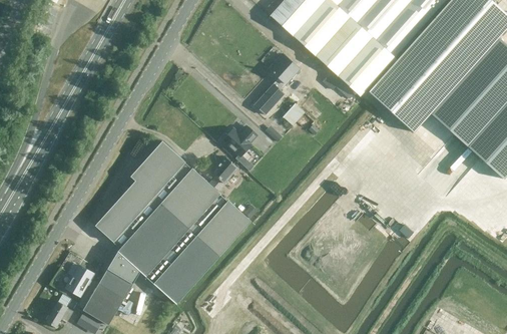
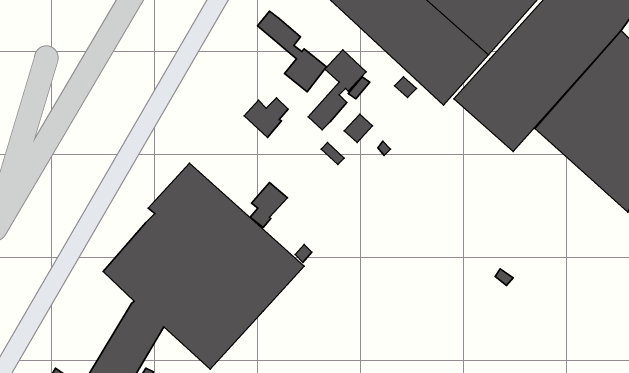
building: none -> [258,11,327,92]
building: [222,126,257,157] -> [244,98,288,138]
building: [65,265,94,297] -> none

